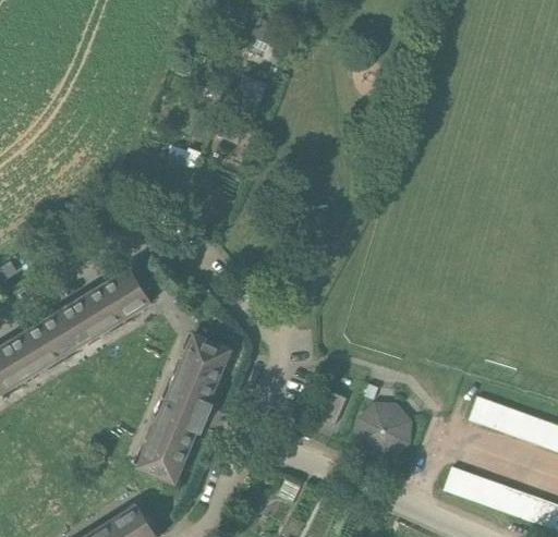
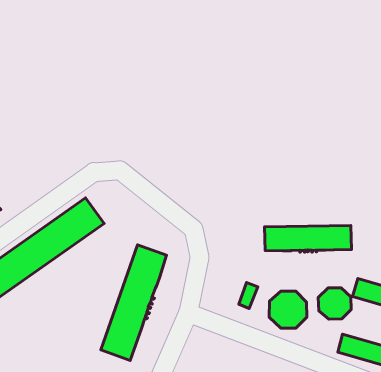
building: none -> [265,226,351,252]
building: none -> [318,288,351,319]

